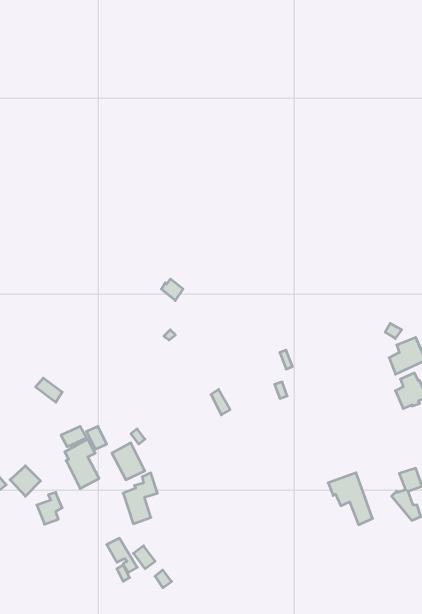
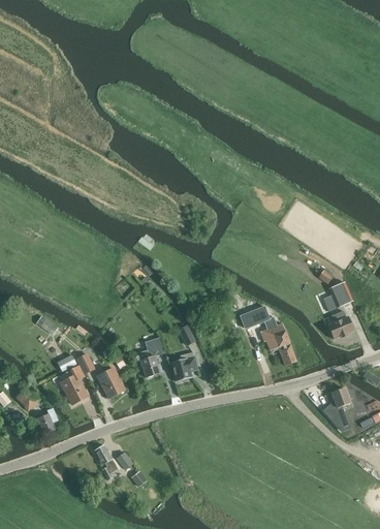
building: none -> [242,303,268,326]
building: none -> [171,352,197,381]
building: [328,473,373,525] -> [260,323,296,366]
building: [123,473,157,524] -> [137,337,165,378]

